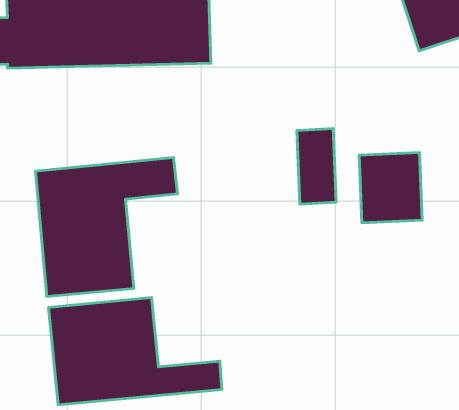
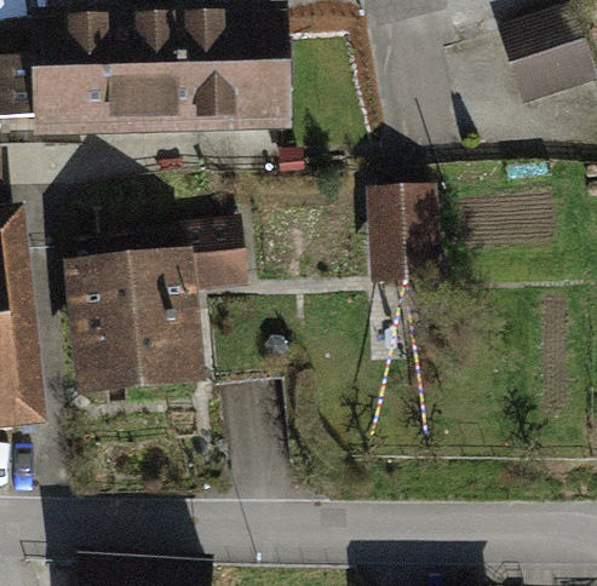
building: [359,153,422,223] -> none
building: [48,298,222,405] -> none

